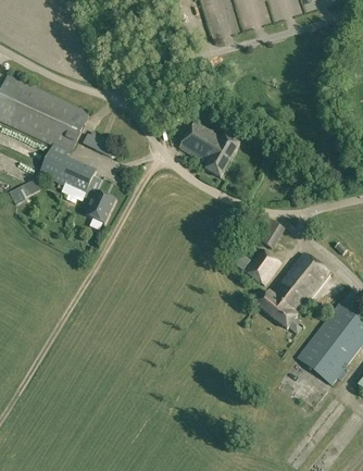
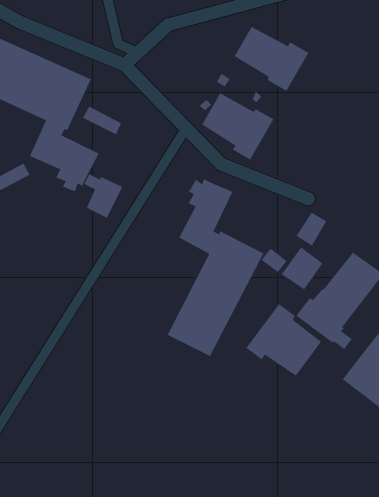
building: none -> [234,26,309,92]
building: none -> [167,177,264,357]
building: none -> [246,303,322,376]

